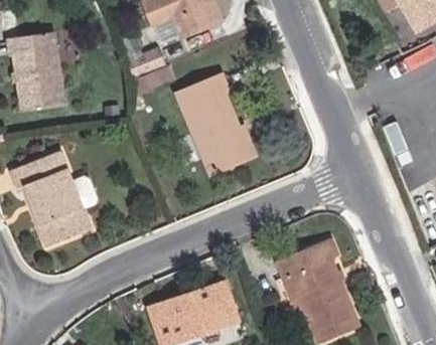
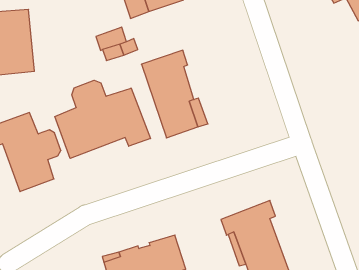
building: none -> [55,80,150,158]

